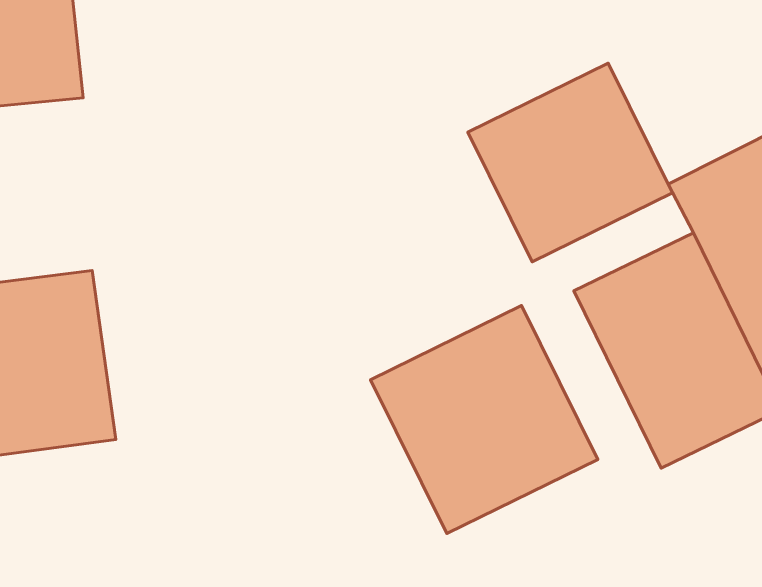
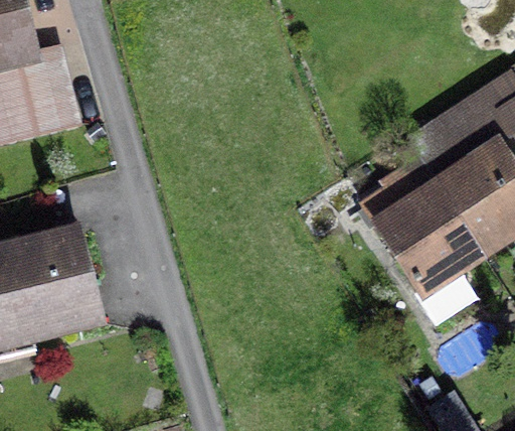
building: [468,63,673,262] -> none
building: [371,306,598,534] -> none

